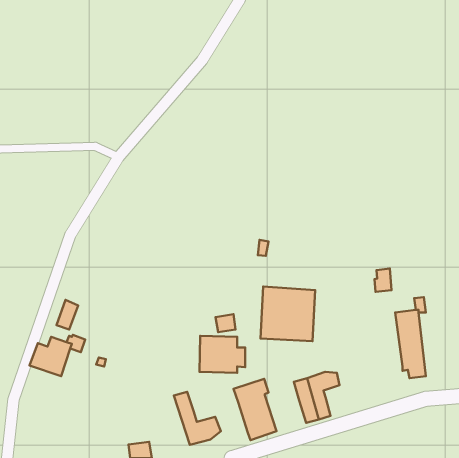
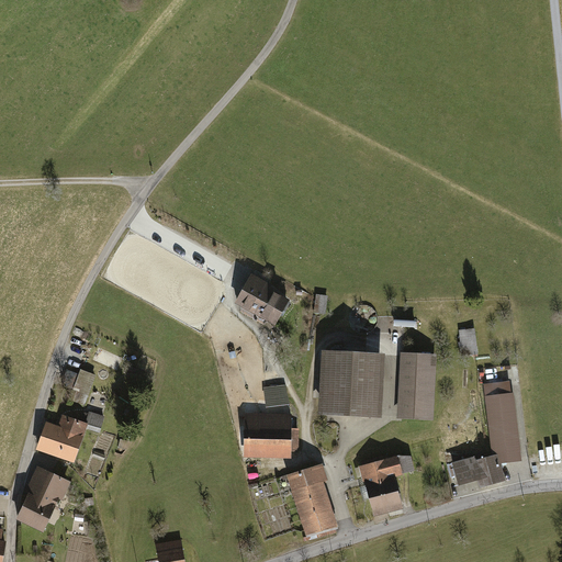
building: none -> [235,273,289,325]
building: none -> [397,353,437,420]
building: none -> [451,452,506,485]
building: none -> [16,463,70,529]
building: [174,392,221,445] -> none

